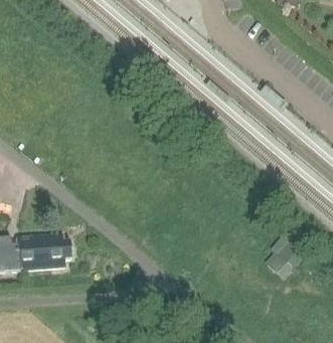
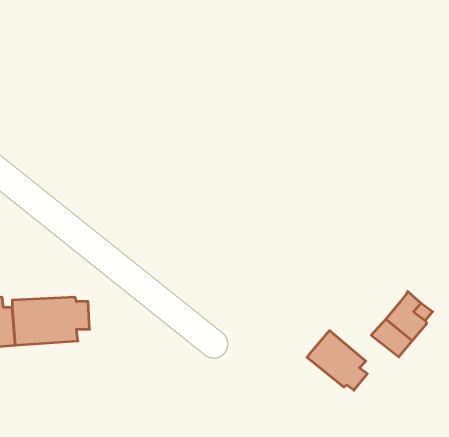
building: none -> [307,331,367,390]

